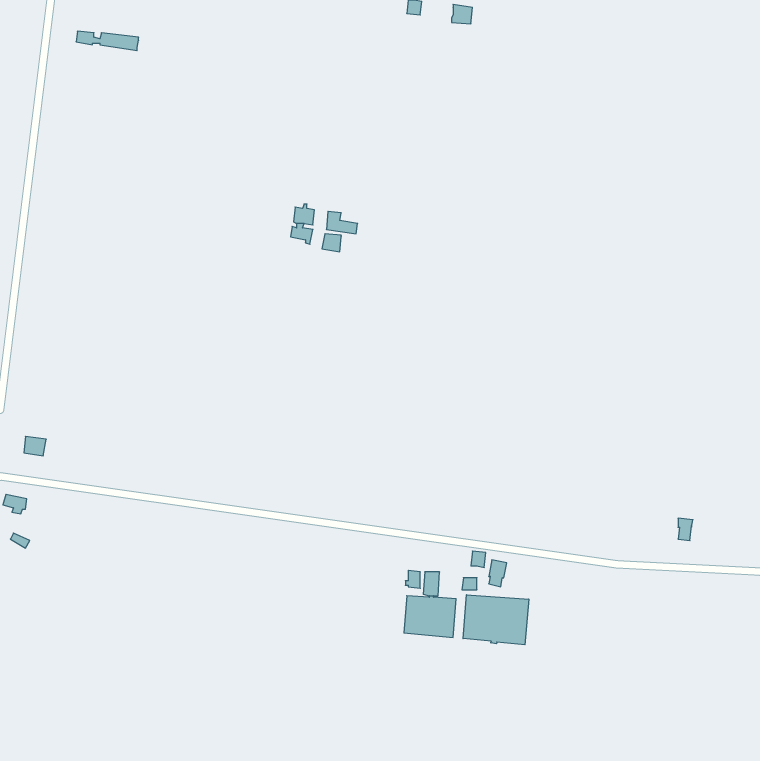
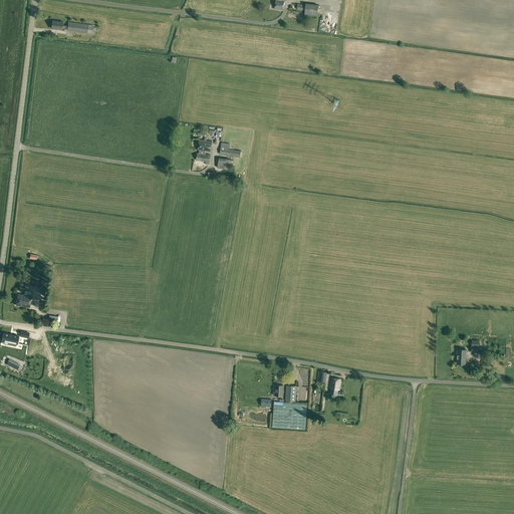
building: [463,595,529,645] -> none

